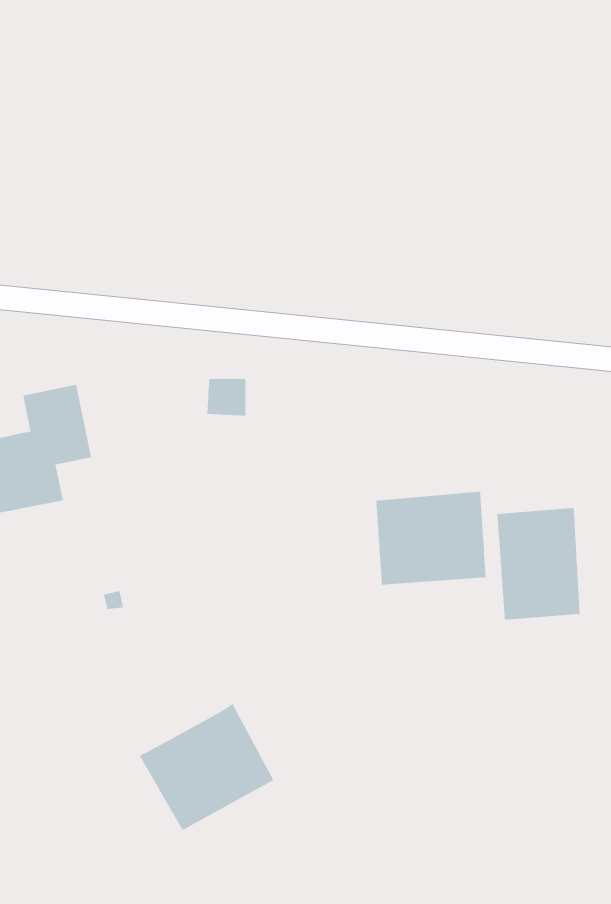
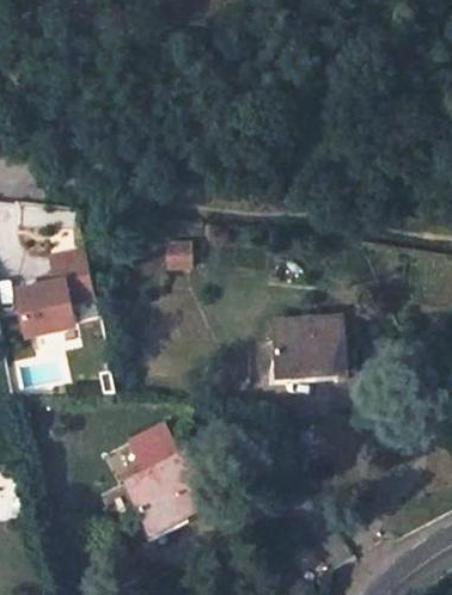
building: [497,507,580,620] -> none
building: none -> [126,428,176,477]

